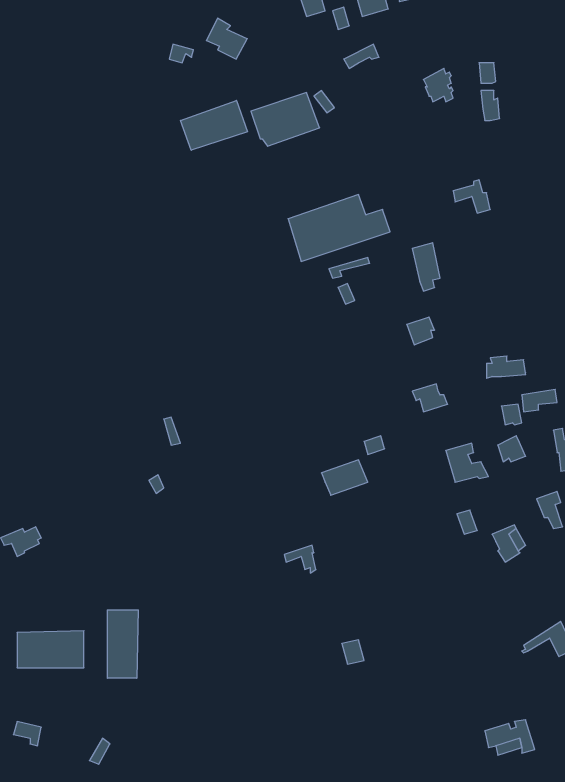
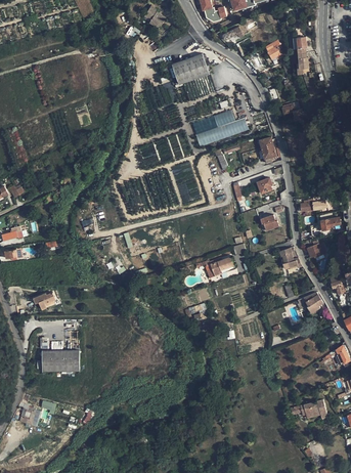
building: [181,100,248,150] -> none
building: [107,610,138,678] -> none

